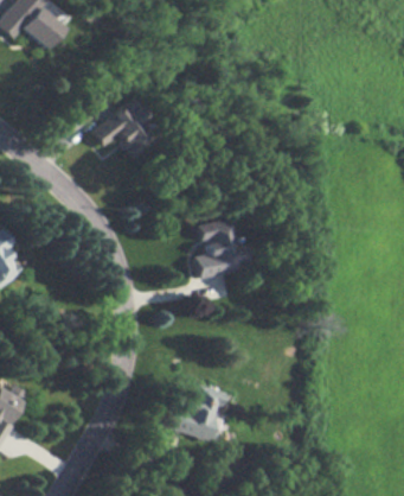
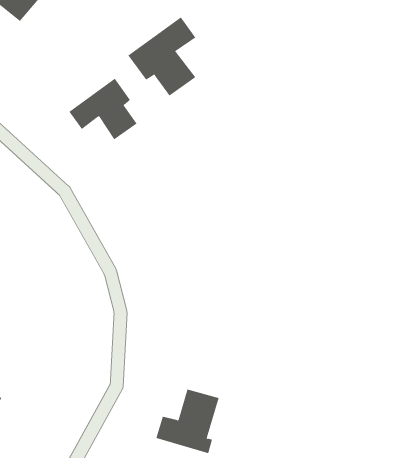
building: none -> [127,17,196,97]
building: [197,217,251,280] -> none

